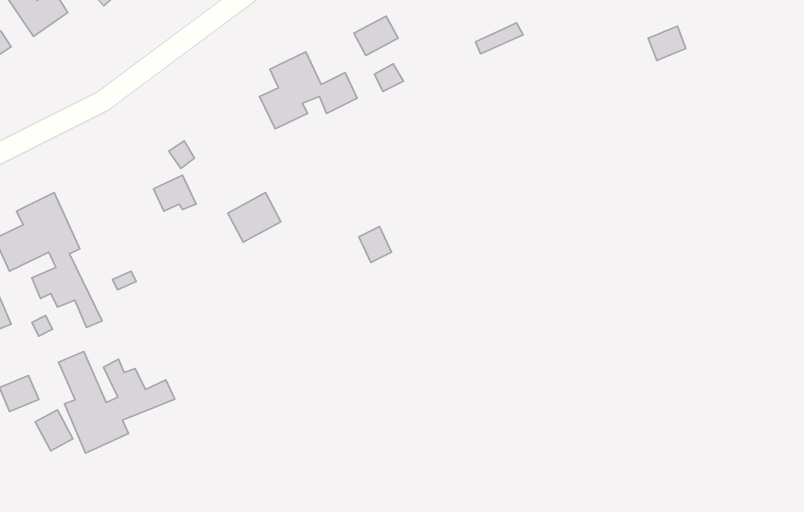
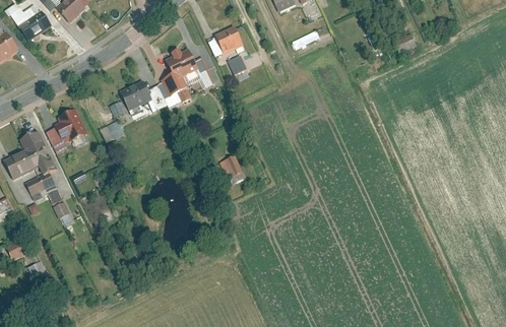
building: none -> [54,112,84,145]
building: [228,193,281,242] -> [121,80,152,110]
building: [59,352,175,453] -> none

